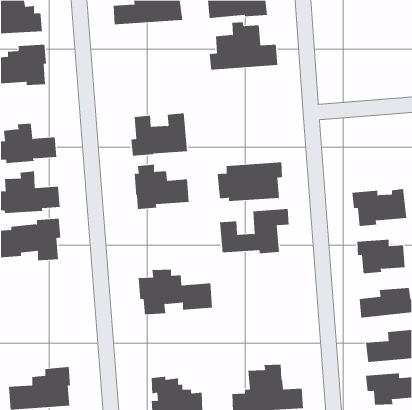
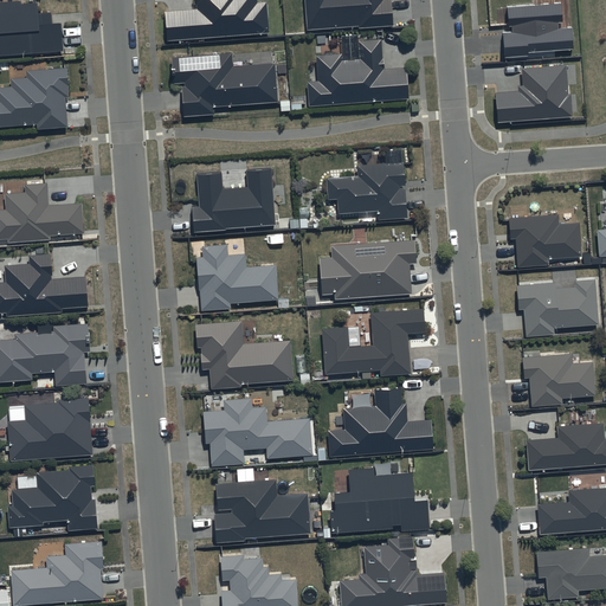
building: none -> [503,7,574,62]
building: none -> [172,52,278,116]
building: none -> [495,65,572,122]
building: none -> [325,162,406,219]
building: none -> [508,215,580,266]
building: none -> [195,321,292,388]
building: none -> [328,387,432,457]
building: none -> [7,398,92,460]
building: none -> [7,465,97,530]
building: none -> [329,468,428,533]
building: none -> [214,479,310,543]

